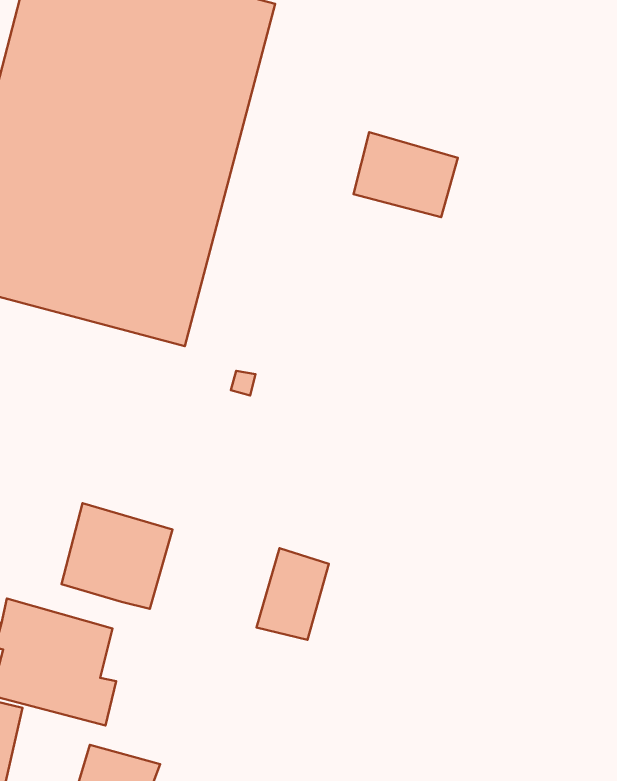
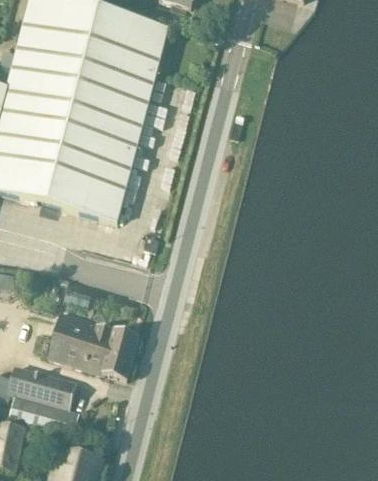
building: [353,132,458,217] -> none
building: [256,548,329,640] -> [97,325,138,377]

